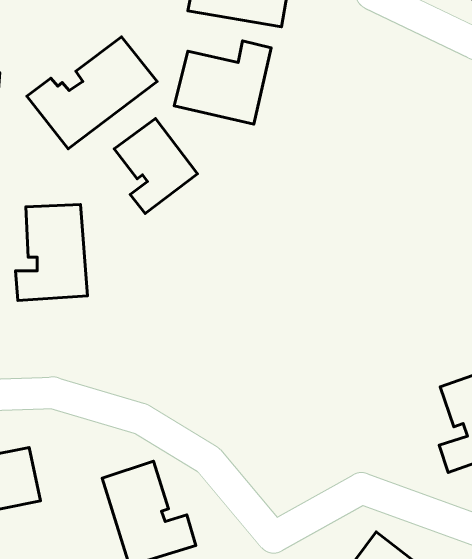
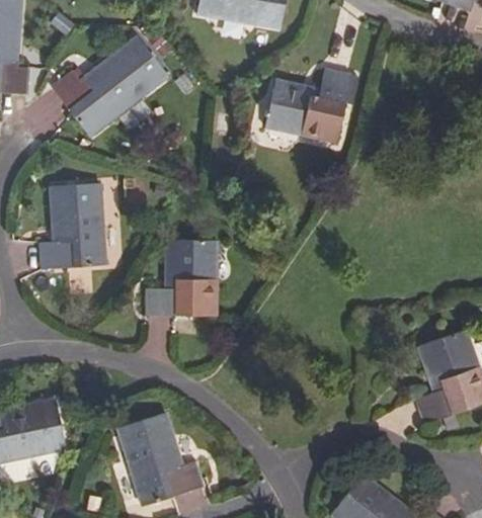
building: [174,41,271,124] -> [265,68,351,142]
building: [114,118,198,214] -> none
building: none -> [152,241,217,317]

